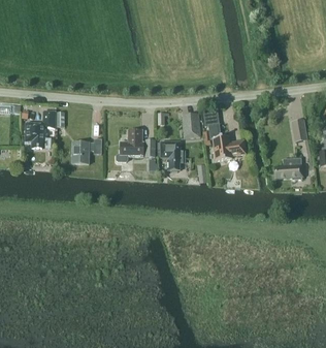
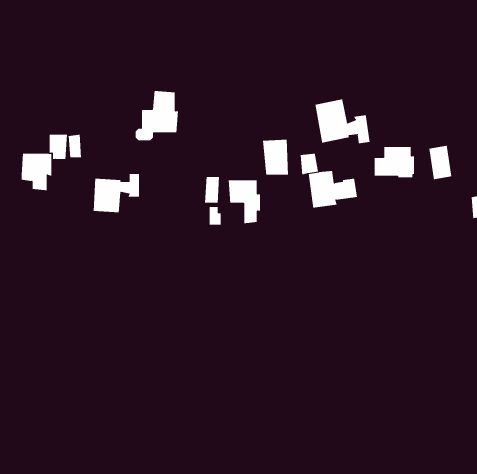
building: none -> [315,98,370,144]
building: [115,129,143,162] -> [135,91,179,141]
building: [275,159,302,180] -> [374,146,415,178]

